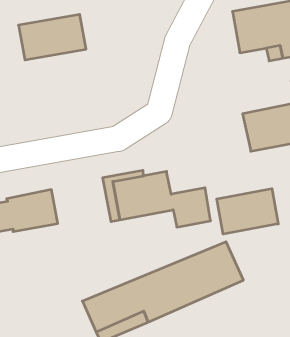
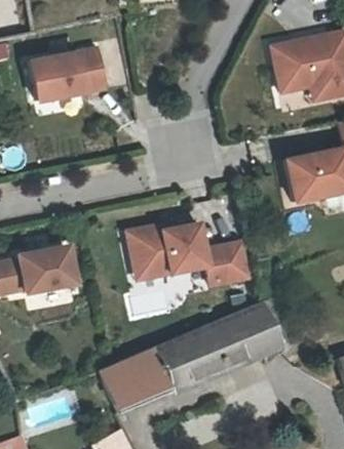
building: [217,189,278,234] -> none

